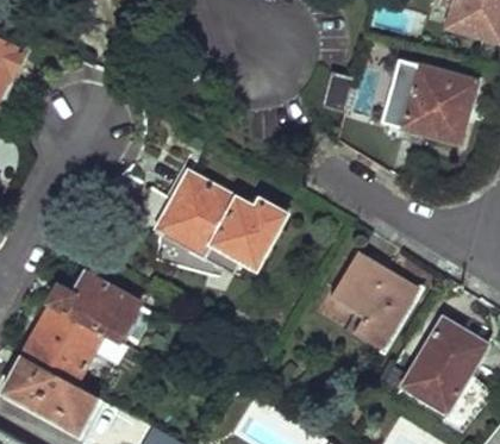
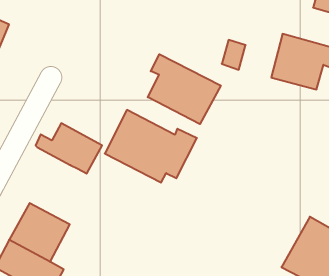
building: none -> [148,54,221,124]
building: [329,251,414,351] -> none
building: [49,267,142,337] -> [36,123,102,174]

